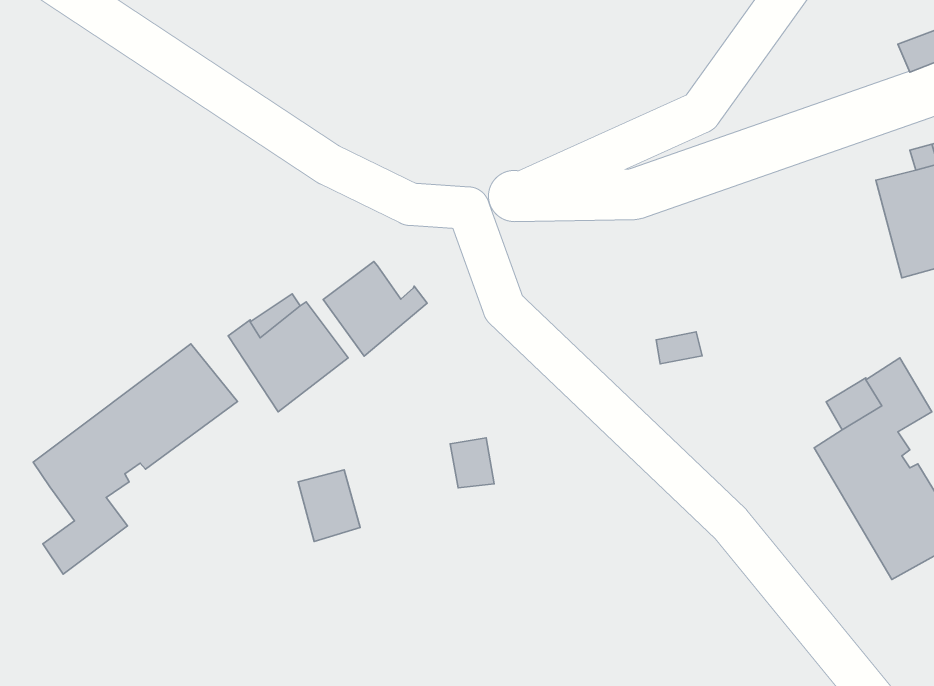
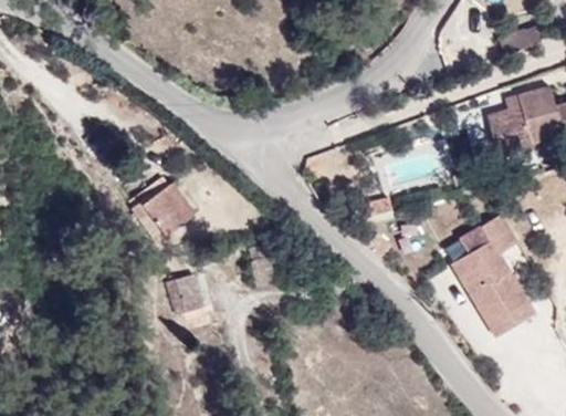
building: [323,262,427,356] -> none
building: [33,344,237,574] -> none

